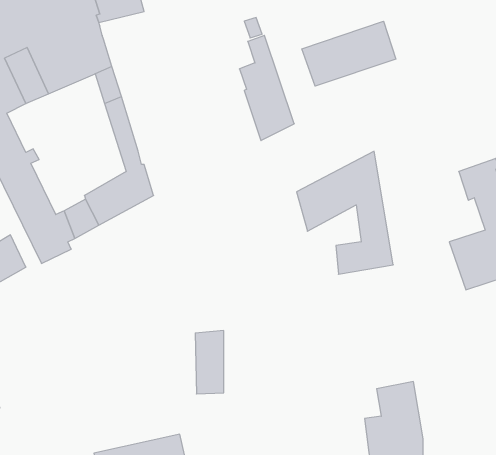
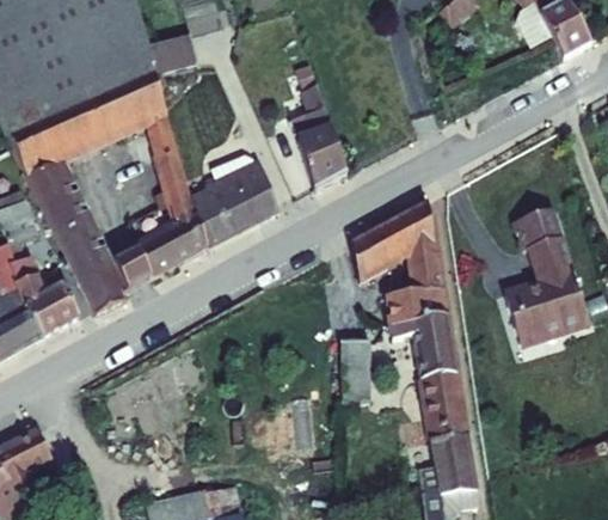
building: [302,21,396,86] -> none
building: none -> [191,154,277,245]
building: none -> [392,314,467,439]
building: [195,331,224,394] -> [340,337,369,400]

